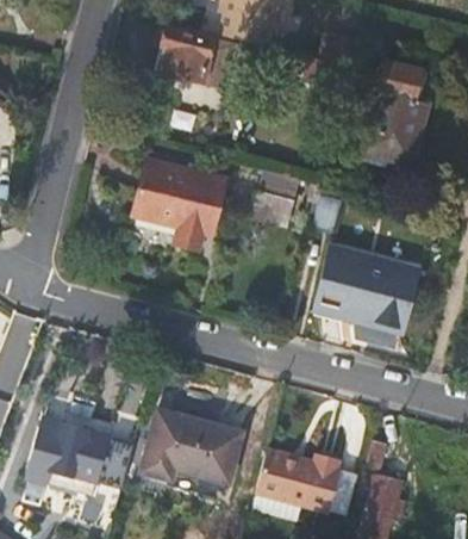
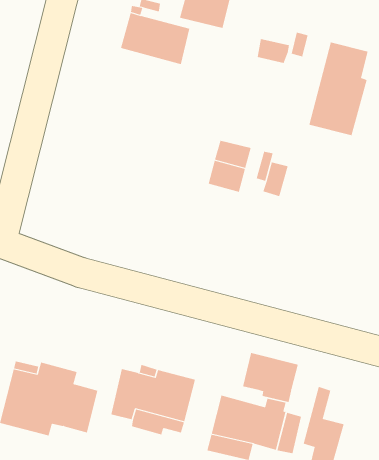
building: [132,157,224,244] -> none
building: [317,246,419,332] -> none
building: none -> [242,352,299,403]

